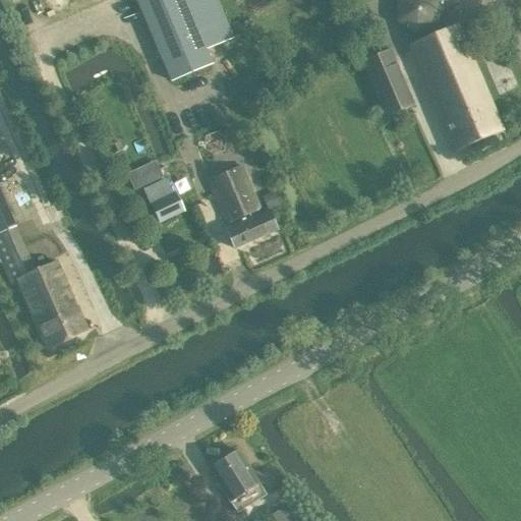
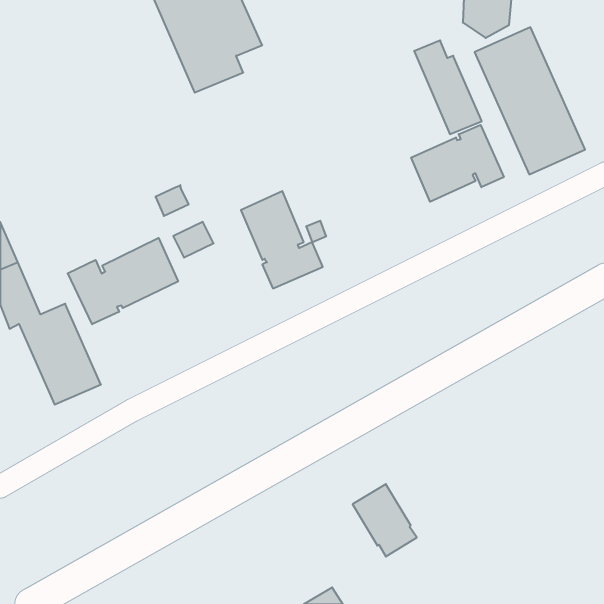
building: none -> [411,125,504,202]
building: none -> [68,238,178,324]
building: [210,447,265,509] -> [353,484,417,557]

